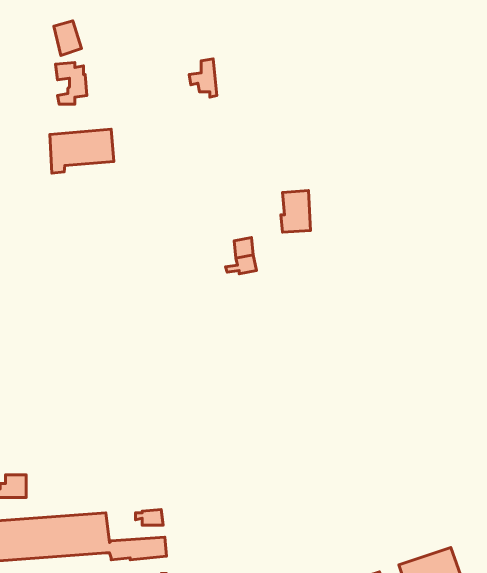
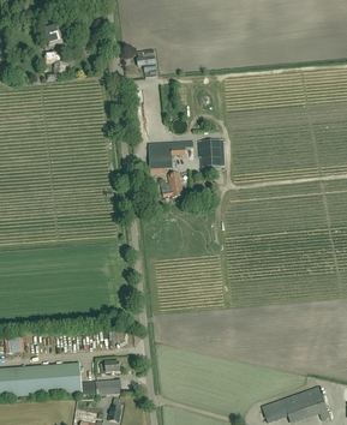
building: [50,129,114,173] -> none
building: none -> [148,140,193,167]

